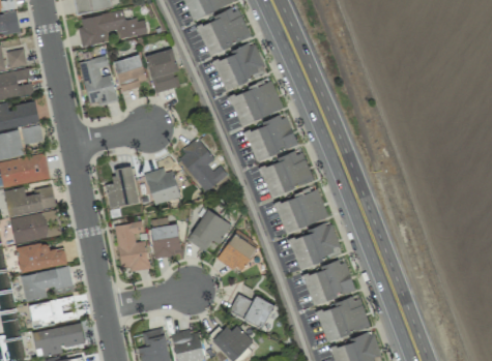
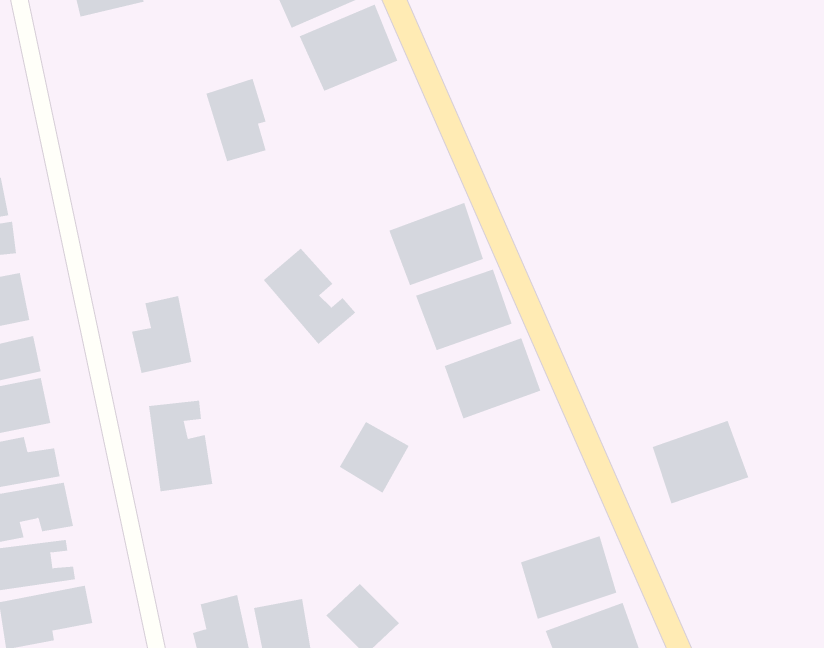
building: [78,11,147,47] -> none
building: [212,43,265,88] -> none
building: [113,55,147,91] -> none
building: [79,56,116,106] -> none
building: [231,82,282,123] -> none
building: [145,168,179,204] -> none
building: [186,209,231,251] -> none
building: [149,218,180,259] -> none
building: [288,222,342,268] -> none
building: [302,260,355,305] -> [652,420,749,504]
building: [229,294,273,328] -> none

